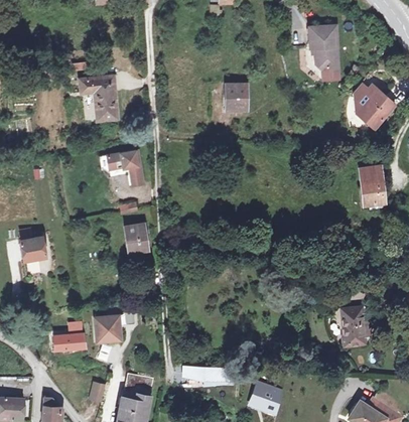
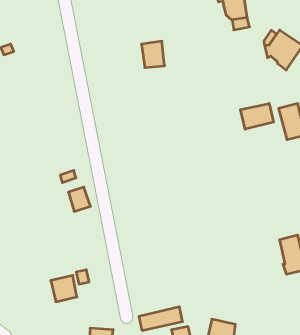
building: [80,74,117,119] -> none
building: [107,151,144,187] -> none
building: none -> [240,103,274,129]
building: [54,334,86,354] -> none

